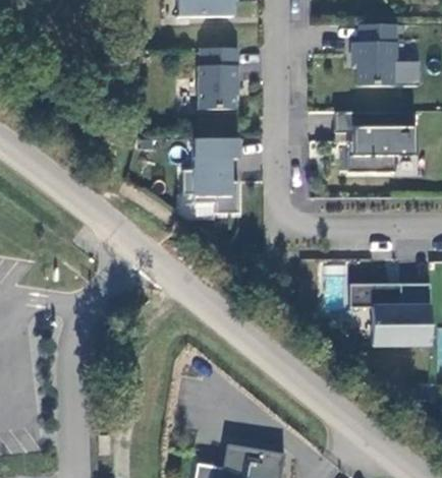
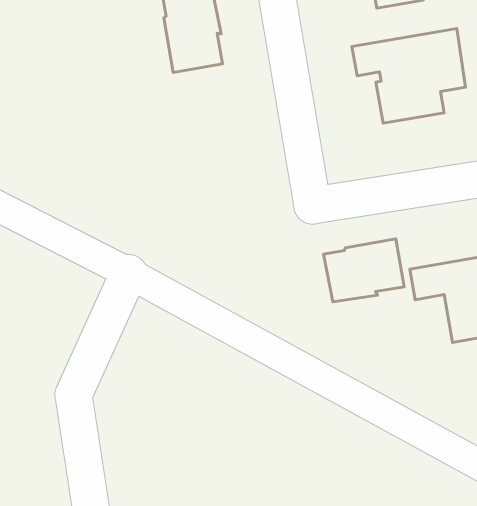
building: [183,136,239,213] -> none
building: none -> [323,239,404,302]

